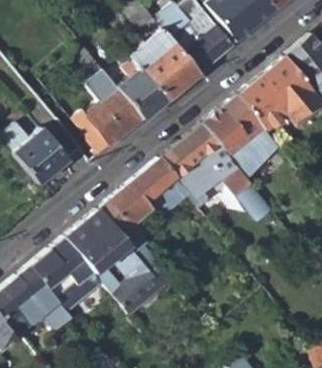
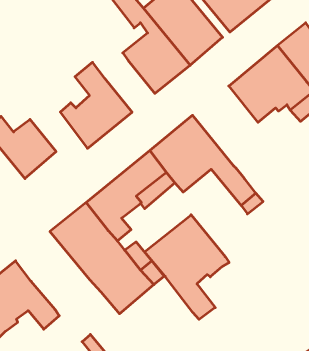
building: [117,69,166,119] -> none
building: [202,94,279,174] -> none
building: none -> [145,215,229,319]
building: [30,236,102,311] -> none

